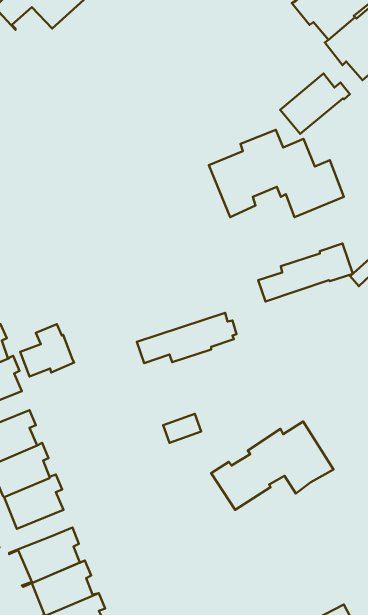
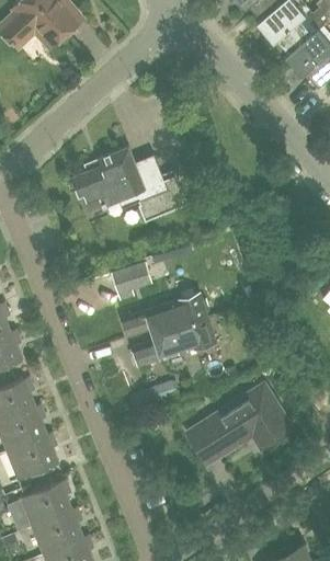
building: [280,73,350,134] -> none
building: [209,130,344,217] -> [70,146,187,221]
building: [258,243,353,302] -> [133,316,215,366]
building: none -> [111,263,151,302]
building: [20,324,74,376] -> none

